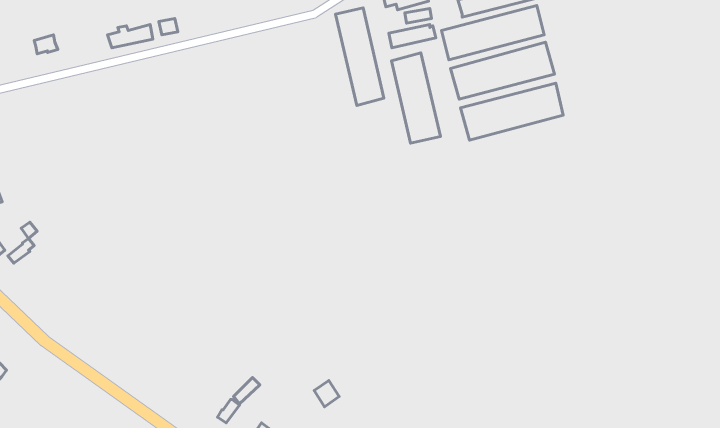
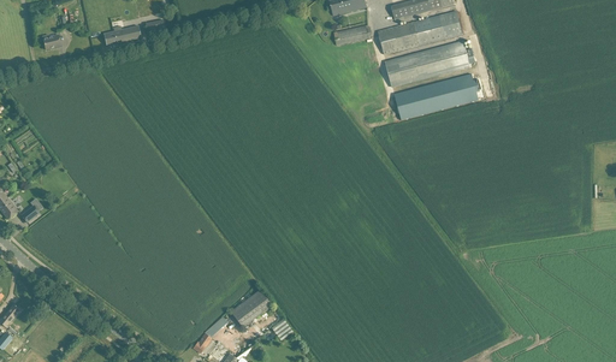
building: [335,8,384,106] -> none
building: [391,53,440,143] -> none
building: none -> [230,289,272,327]

